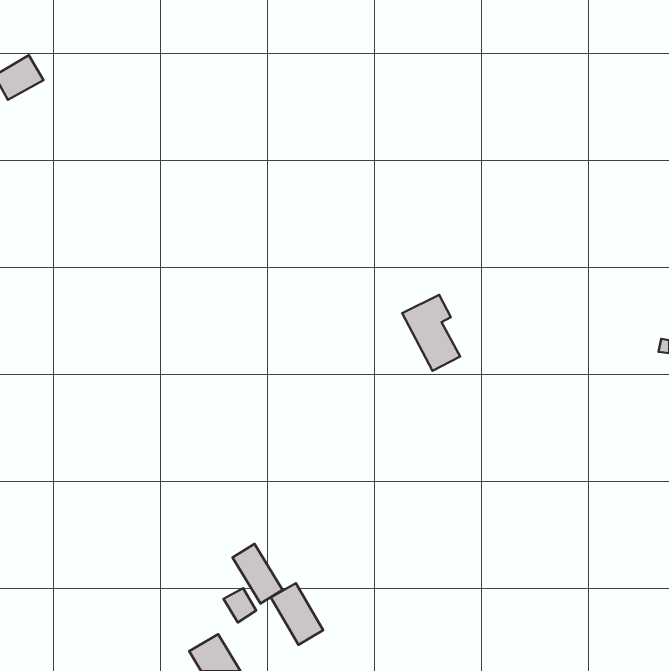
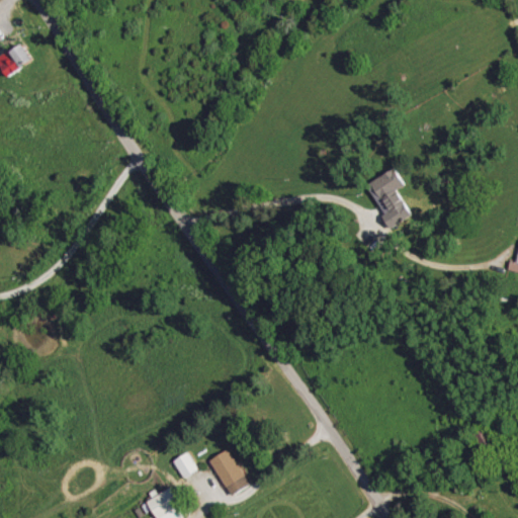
building: [402,295,460,371] -> [366,169,411,228]
building: [232,544,282,603] -> none

